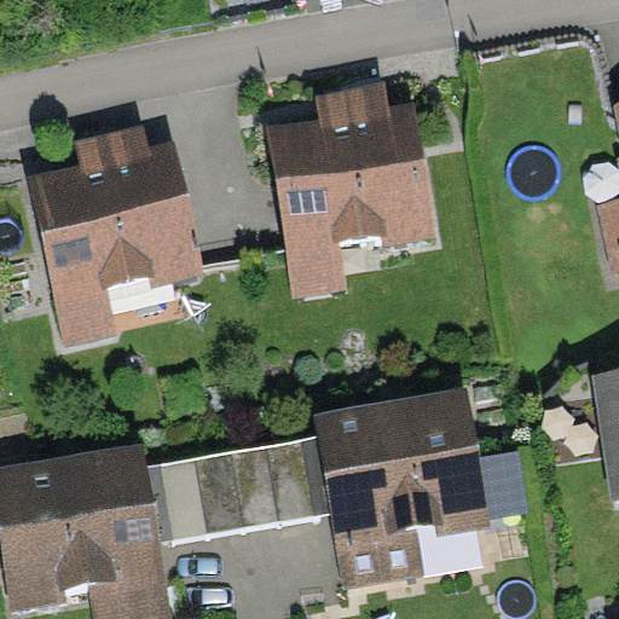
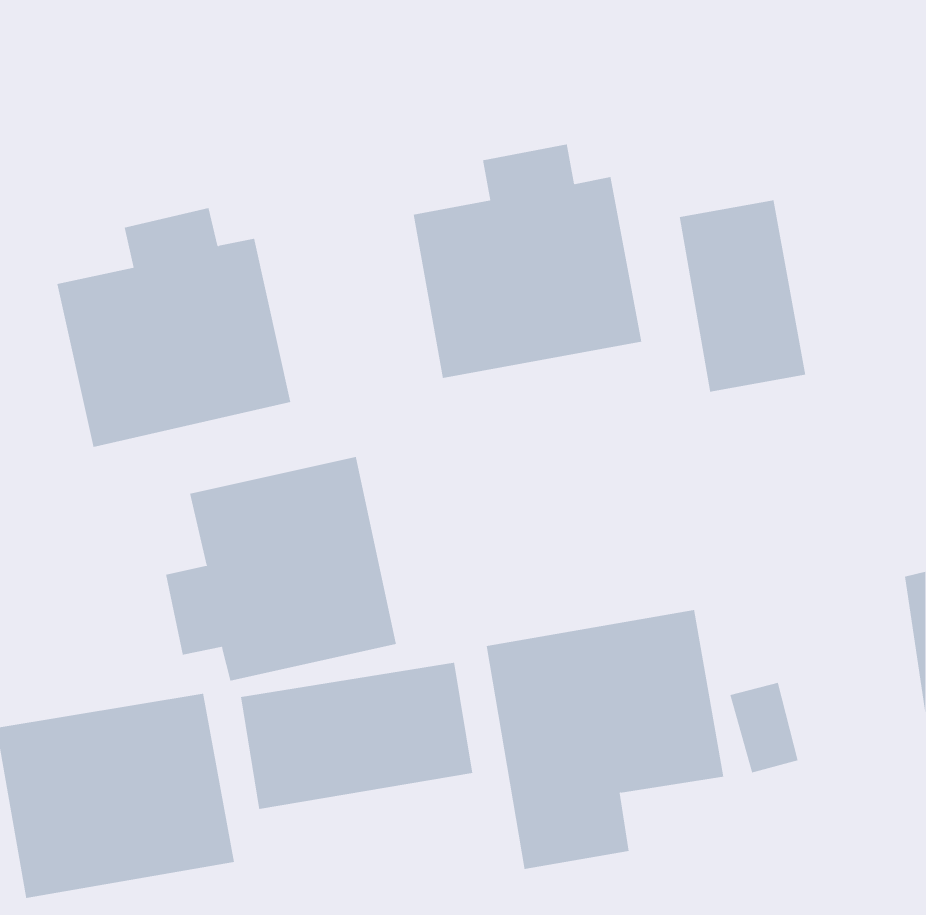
building: none -> [679,200,806,393]
building: none -> [165,456,397,682]

